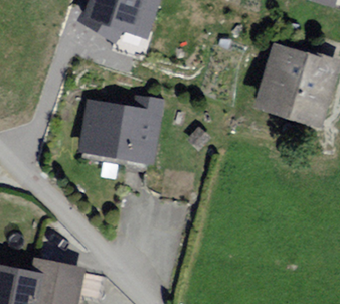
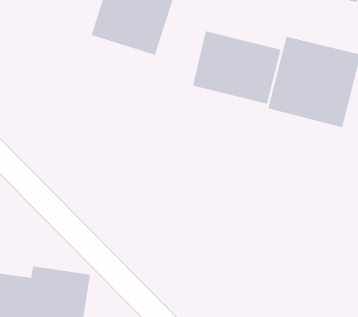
building: none -> [193,30,281,104]
building: [74,92,159,167] -> none

